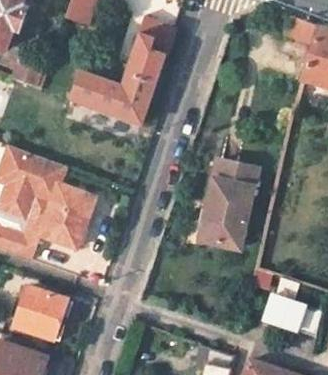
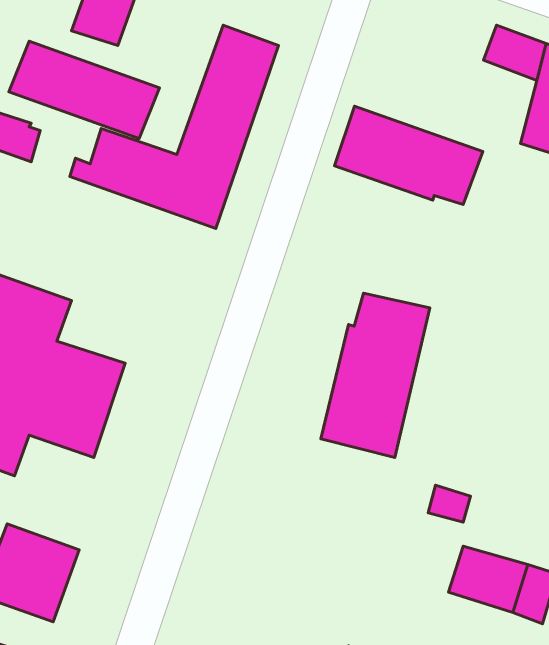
building: none -> [9,41,159,139]
building: none -> [335,106,483,205]

